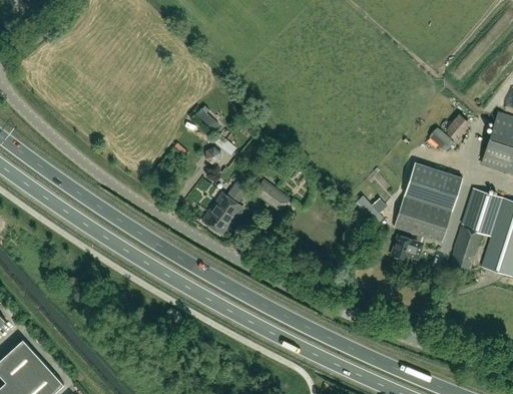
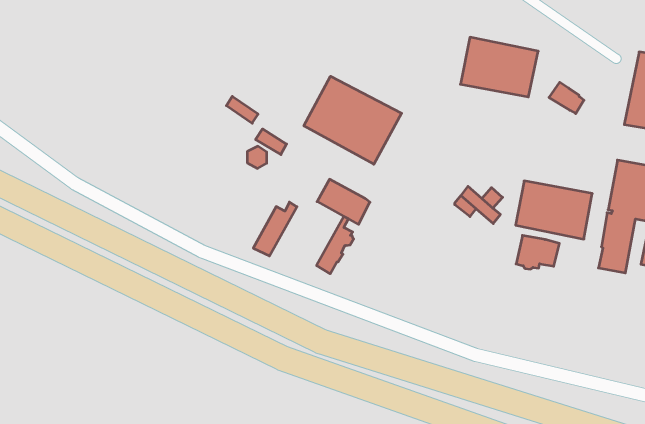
building: none -> [304,76,402,164]
building: [444,113,470,142] -> none
building: [404,162,463,211] -> [460,37,538,97]
building: [213,194,242,235] -> [317,217,354,274]

